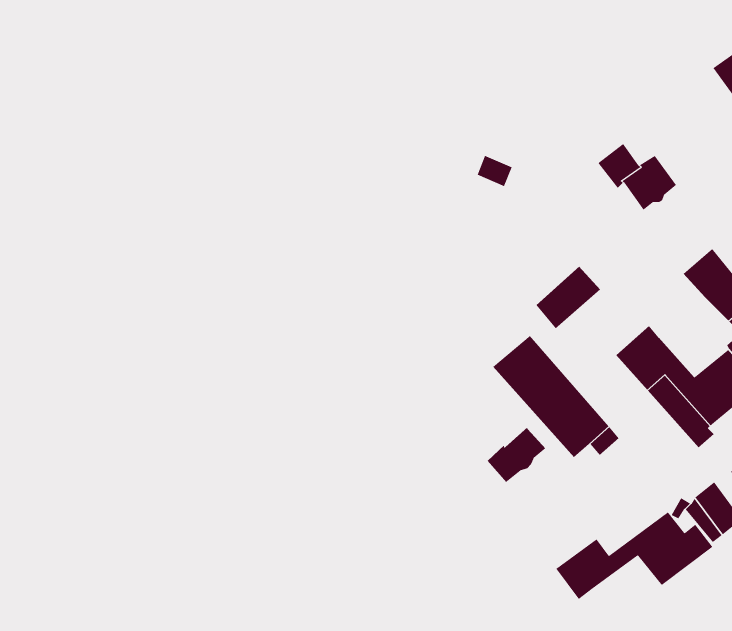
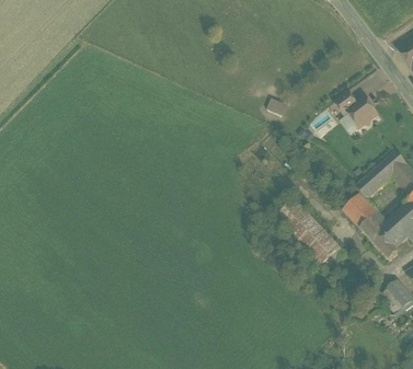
building: [536,266,601,329] -> [356,164,392,199]
building: [487,427,546,483] -> none
building: [556,511,713,600] -> none

